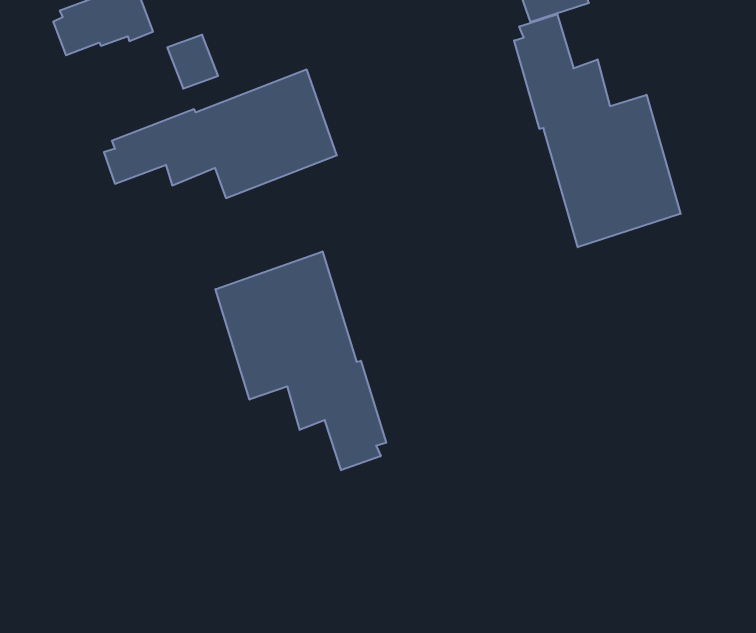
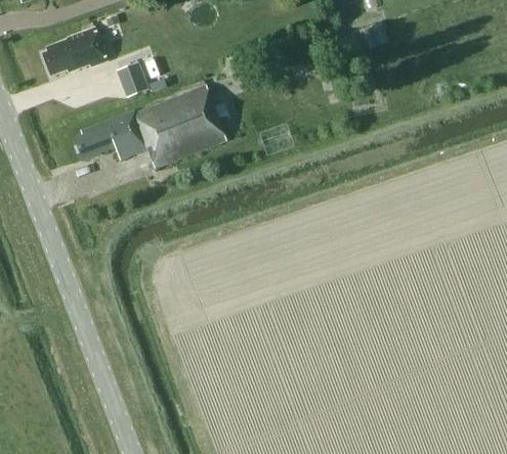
building: [514,14,681,247] -> none
building: [215,251,386,470] -> none

